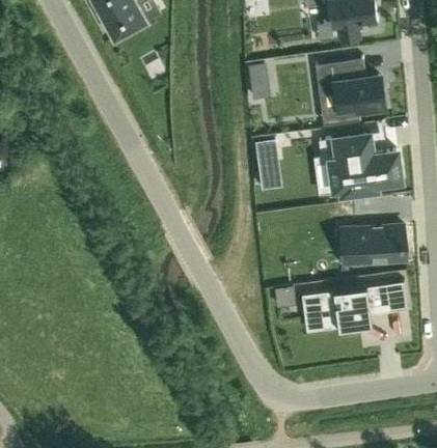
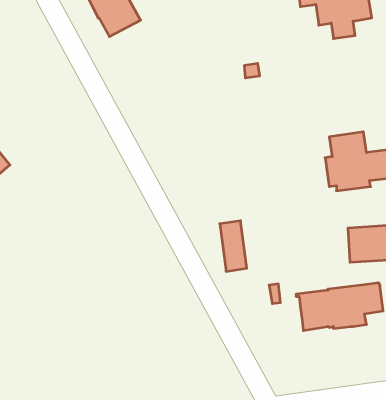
building: [315,57,385,113] -> none
building: [253,139,280,190] -> [220,221,247,271]

